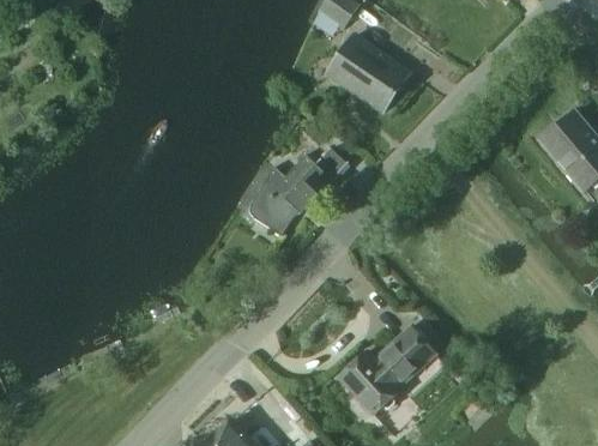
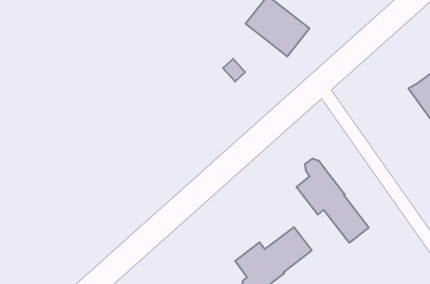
building: [250,156,338,234] -> none
building: none -> [296,159,369,243]

